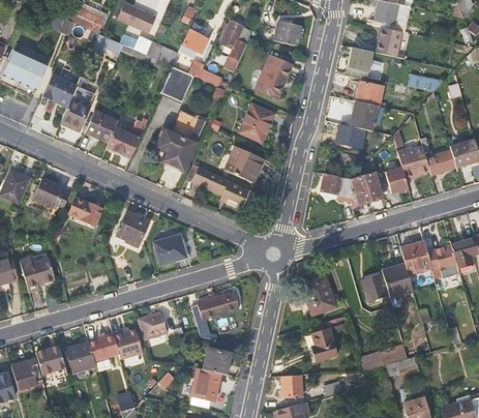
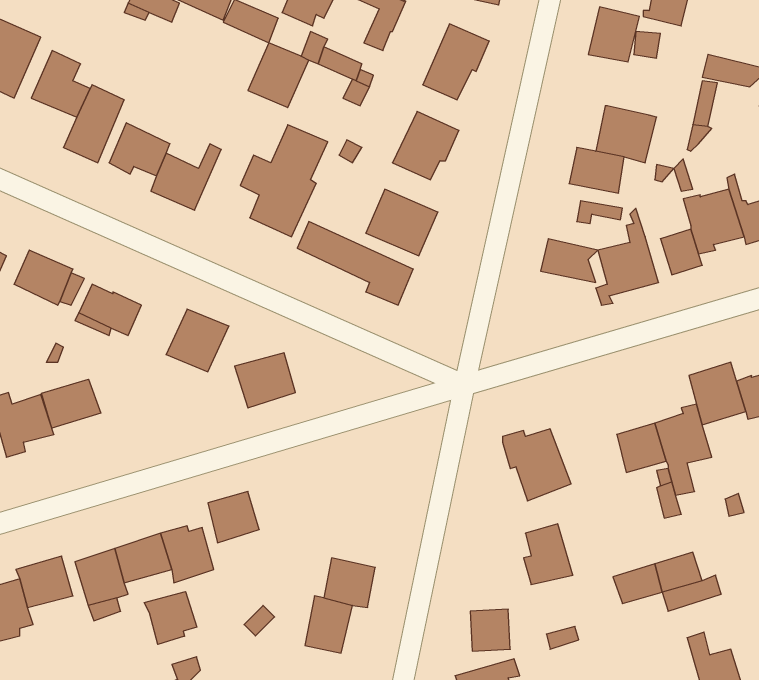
building: [356,81,384,106] -> none
building: none -> [41,379,101,428]
building: [192,292,239,340] -> none
building: none -> [144,592,197,644]

